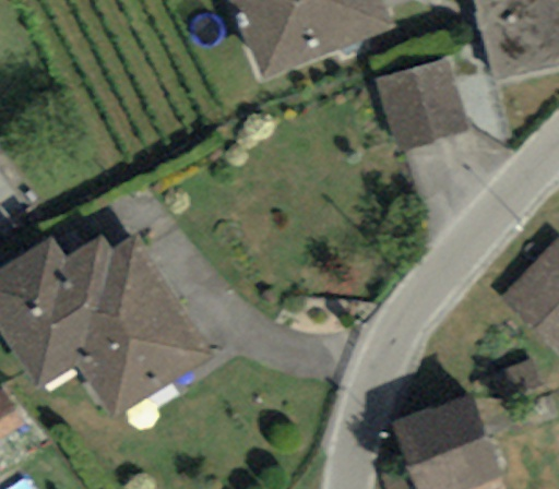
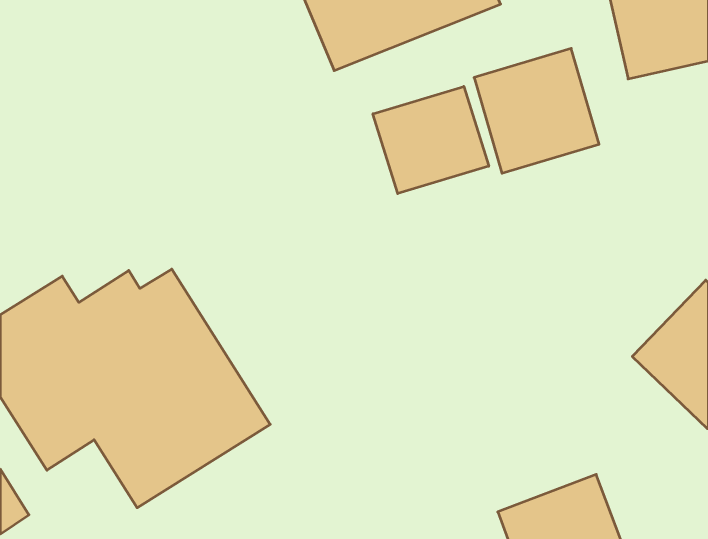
building: none -> [373,86,489,194]

